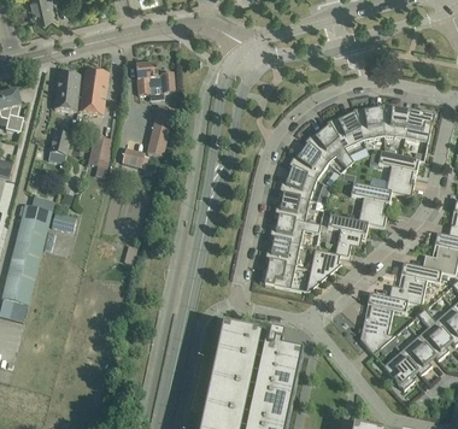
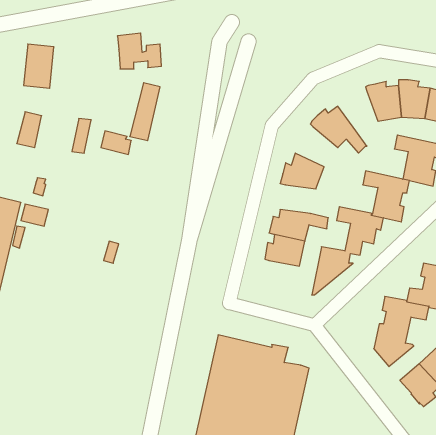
building: [78,69,107,113] -> none
building: [325,112,363,147] -> none
building: [287,143,328,178] -> none
building: [272,194,309,219] -> none
building: [259,260,294,287] -> none

